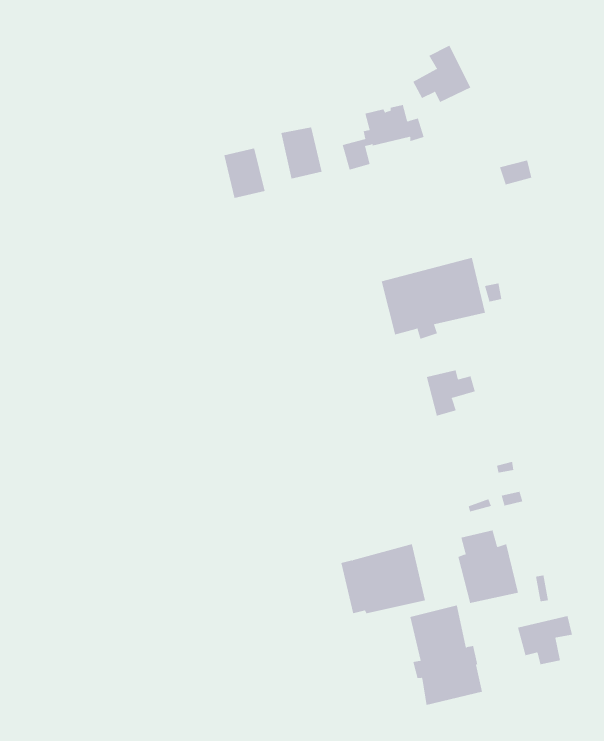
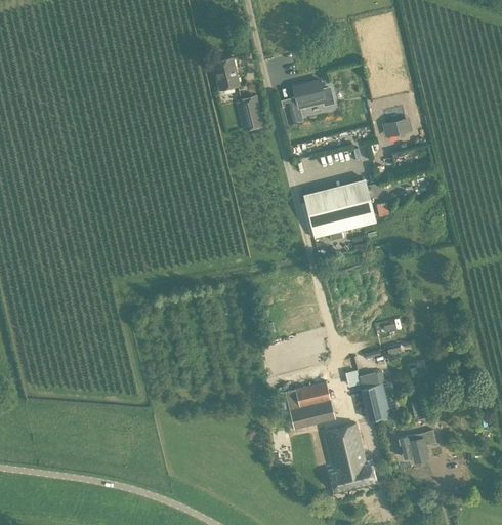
building: [412,45,471,103] -> none
building: [223,148,265,199] -> [211,55,240,90]
building: [426,369,475,416] -> none

